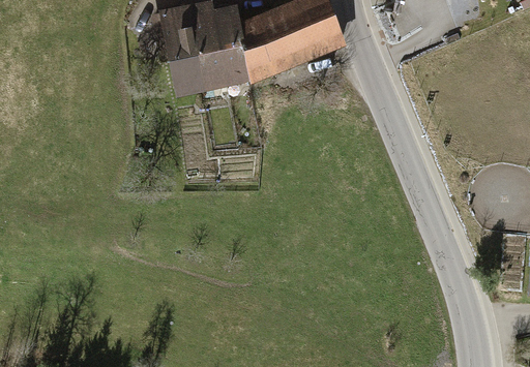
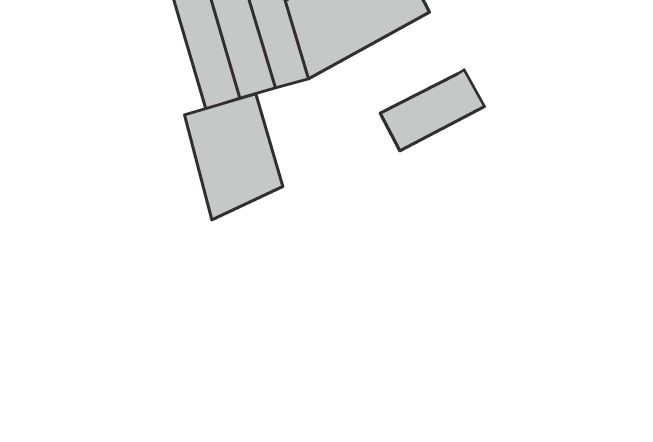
building: none -> [380,70,485,151]
building: none -> [184,94,283,220]

